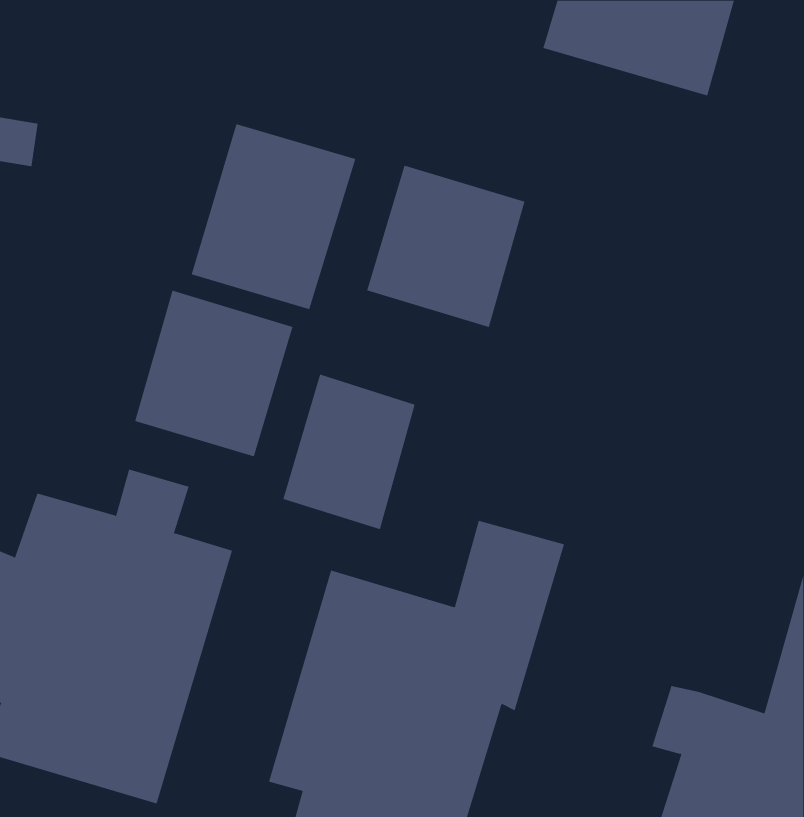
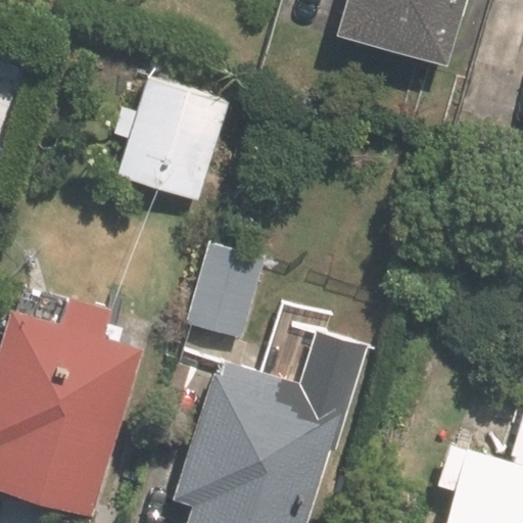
building: [367,165,525,328] -> none
building: [134,290,293,457] -> none

